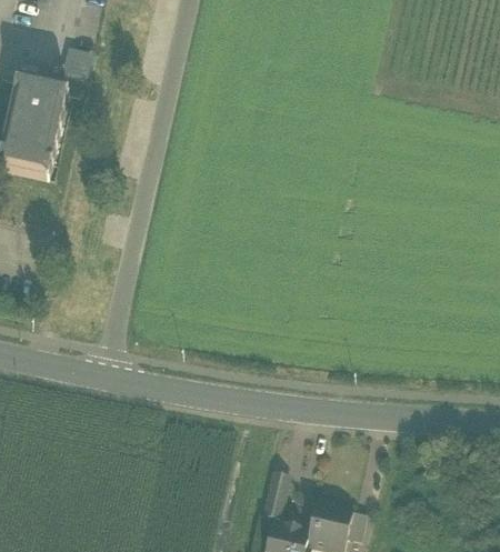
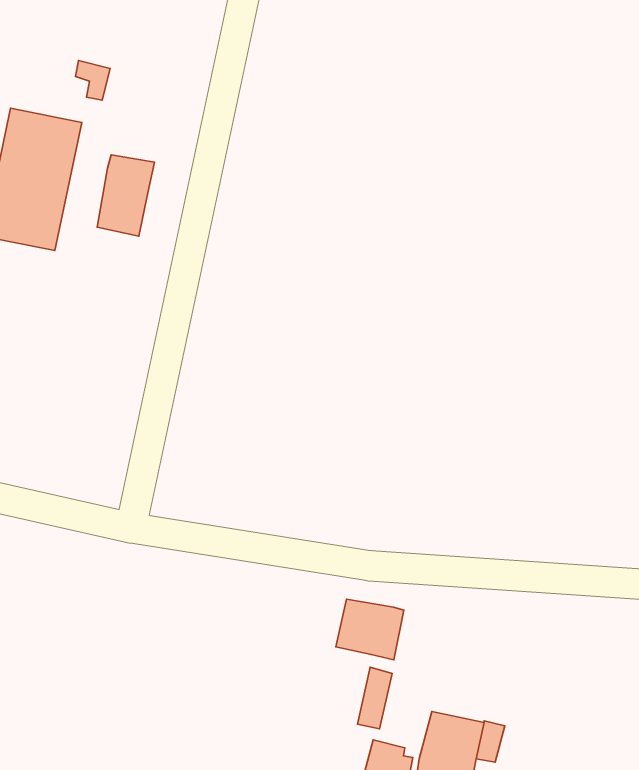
building: none -> [97,155,154,236]
building: none -> [336,599,404,660]

